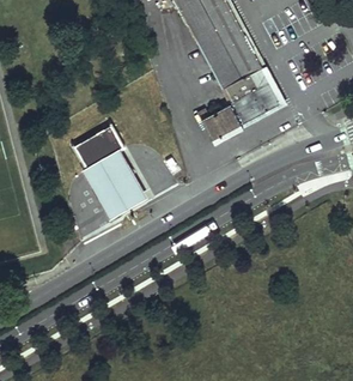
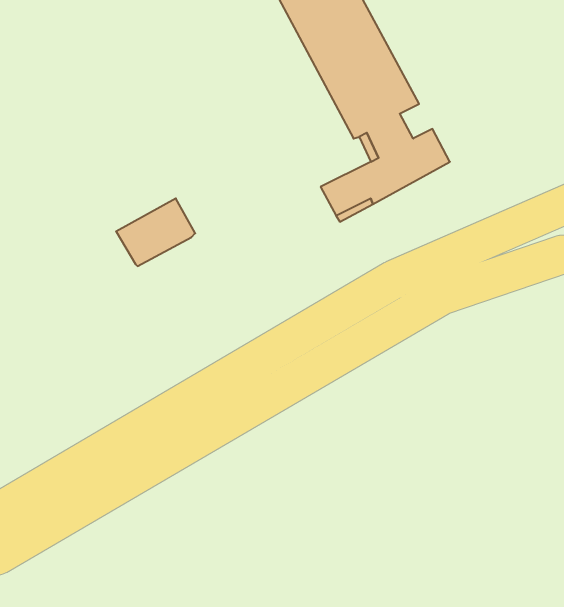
building: [81,150,147,218] -> none

